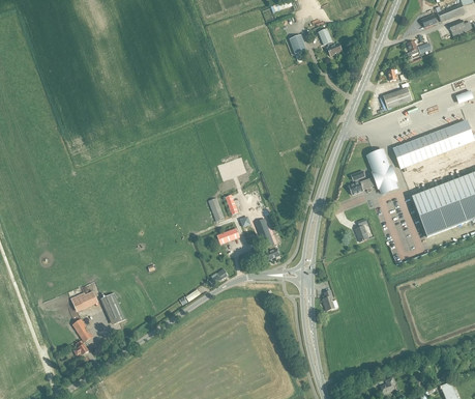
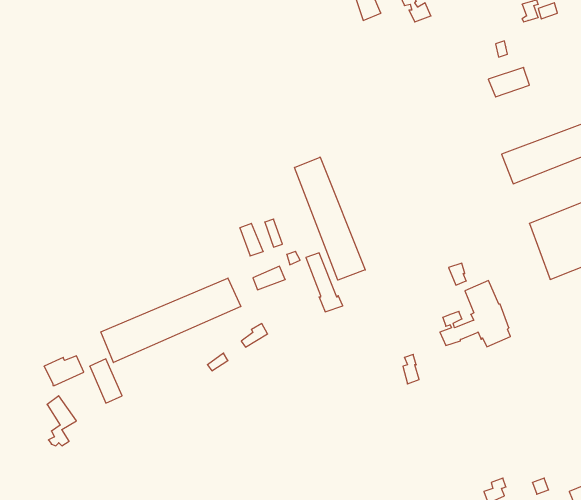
building: [349,148,398,195] -> [440,281,510,347]
building: none -> [295,157,365,280]
building: none -> [101,278,241,363]

